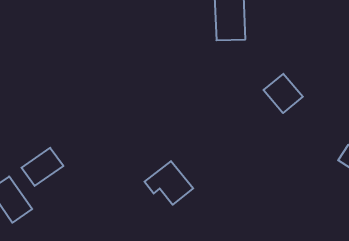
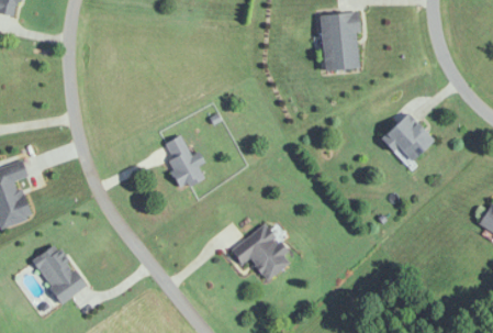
building: none -> [166,135,205,188]
building: [21,148,63,186] -> none

